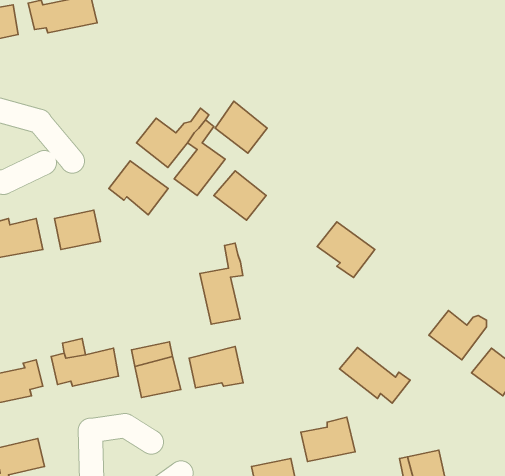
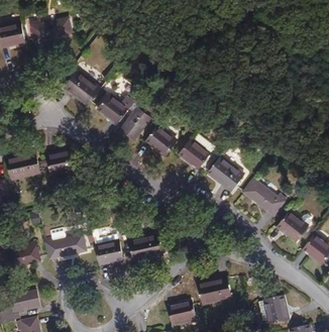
building: [215,101,267,153] -> none
building: [109,161,168,215] -> [64,71,100,104]
building: none -> [179,138,210,169]
building: [200,243,243,324] -> none
building: [340,347,410,403] -> [243,179,287,213]

